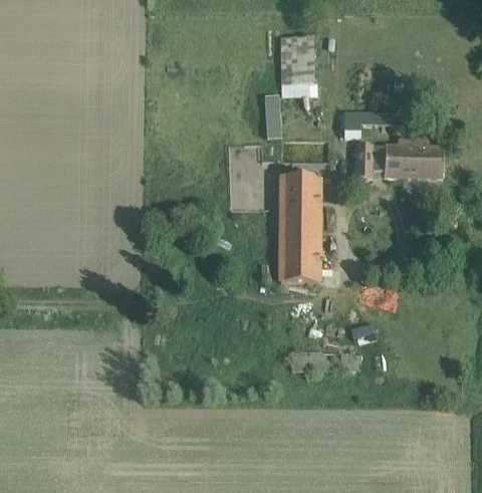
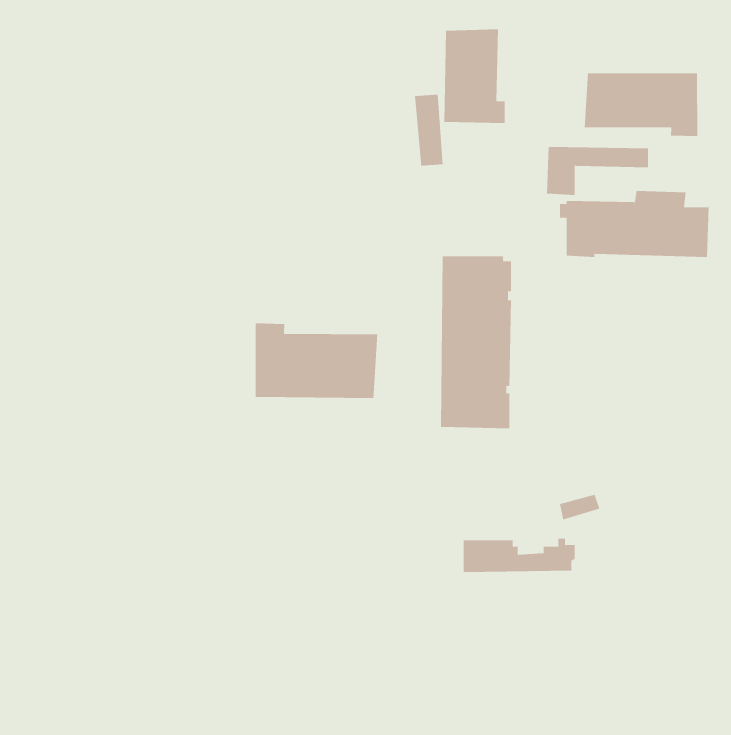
building: none -> [584,72,698,137]
building: none -> [255,323,378,399]

